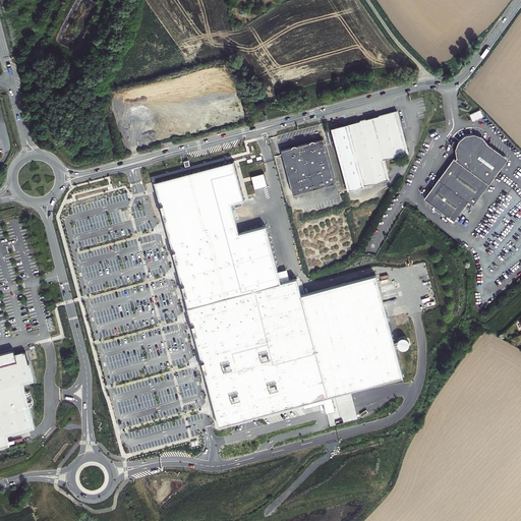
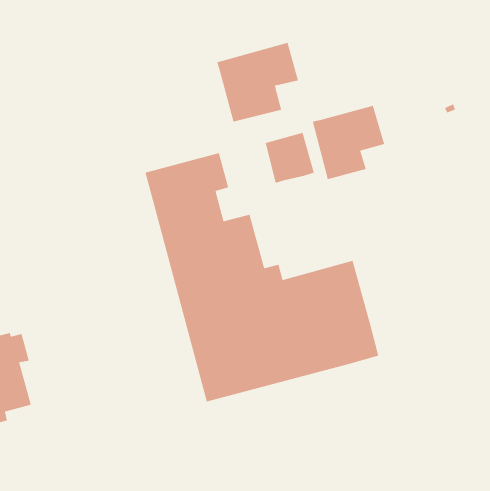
building: none -> [216,42,299,123]
building: [422,134,508,222] -> none

